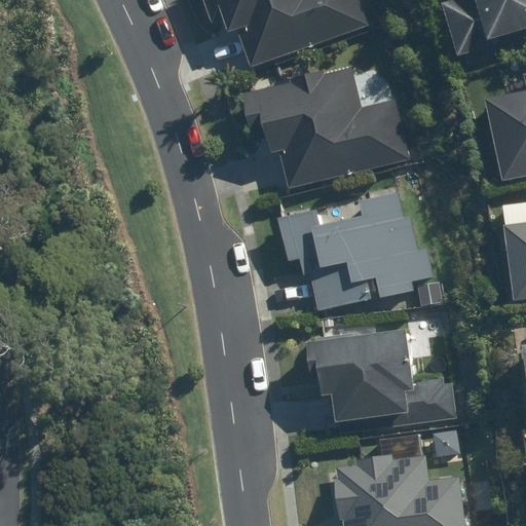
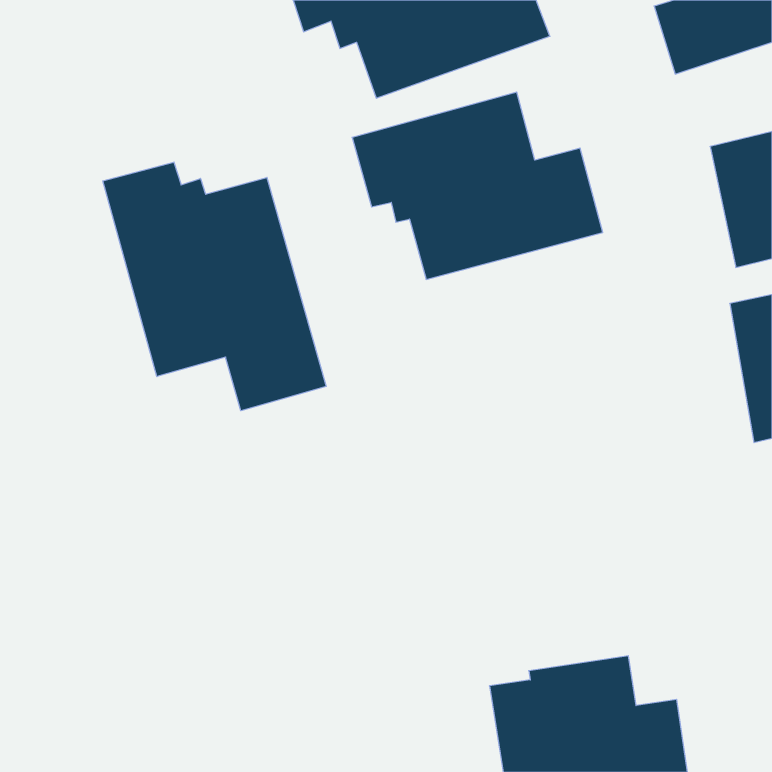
building: none -> [103,162,326,411]
building: [277,191,434,312] -> none
building: [304,329,461,438] -> none

